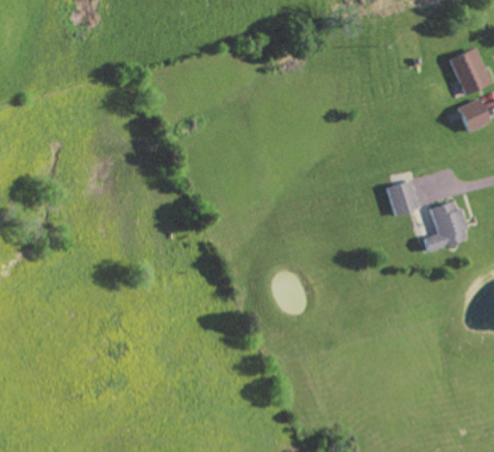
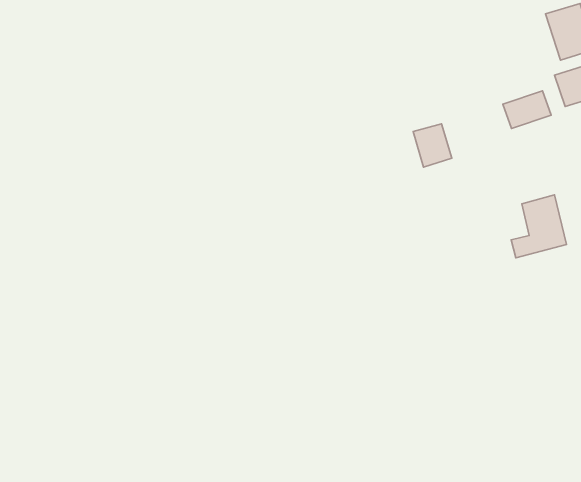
building: none -> [503,91,551,128]
building: [387,180,418,215] -> [413,124,452,167]

